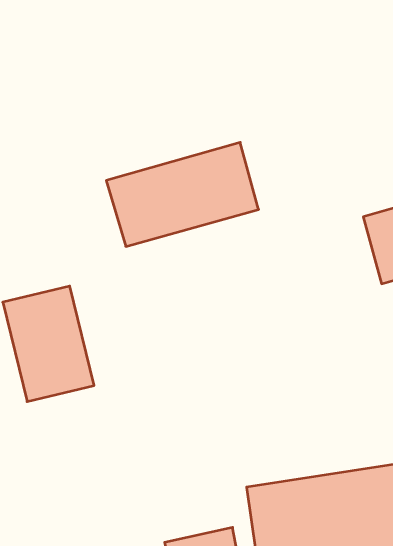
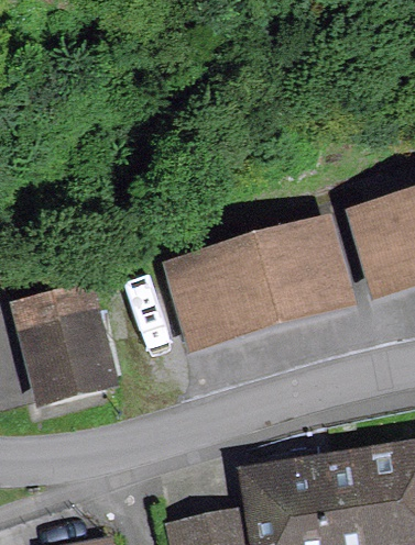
building: [106,142,259,246] -> [189,235,335,334]

